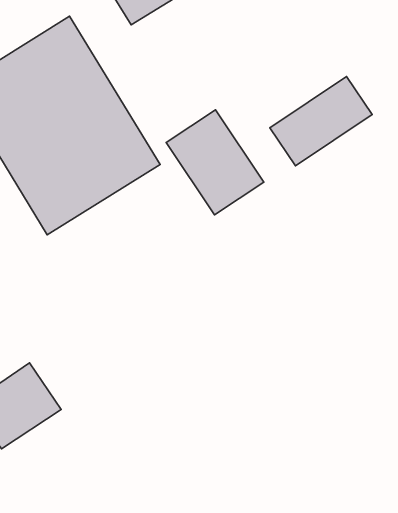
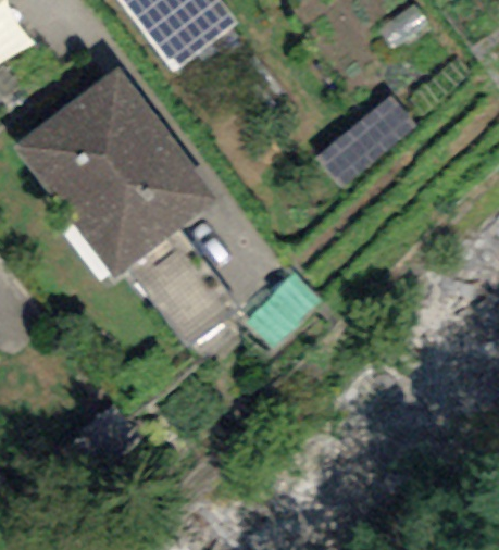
building: [166,110,264,215] -> none

